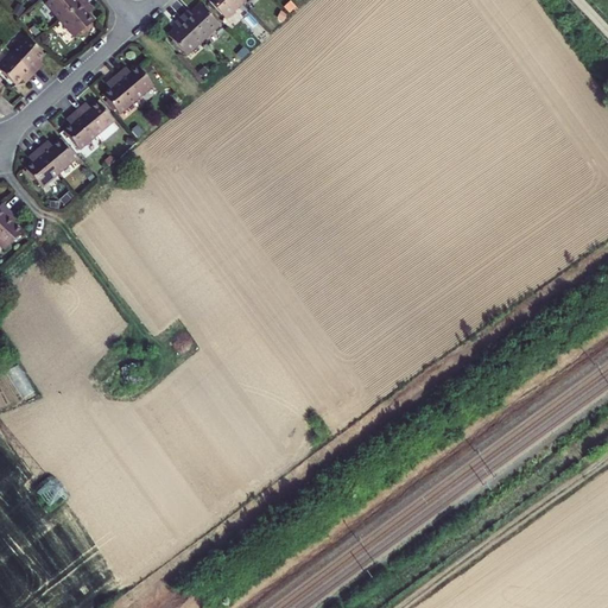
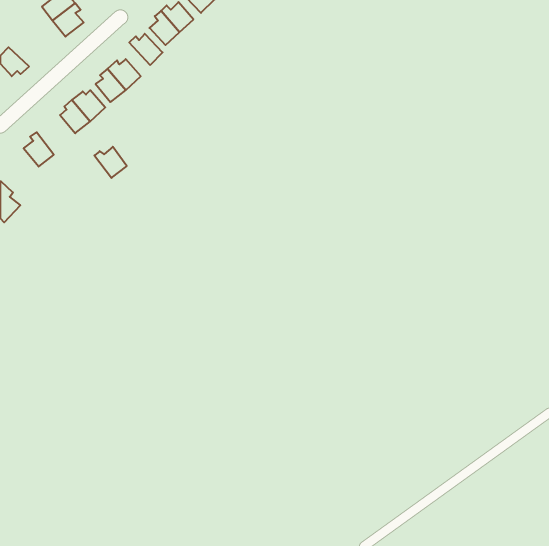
building: [10,37,43,74] -> none
building: none -> [129,34,163,65]
building: [40,137,76,171] -> [94,147,127,178]

